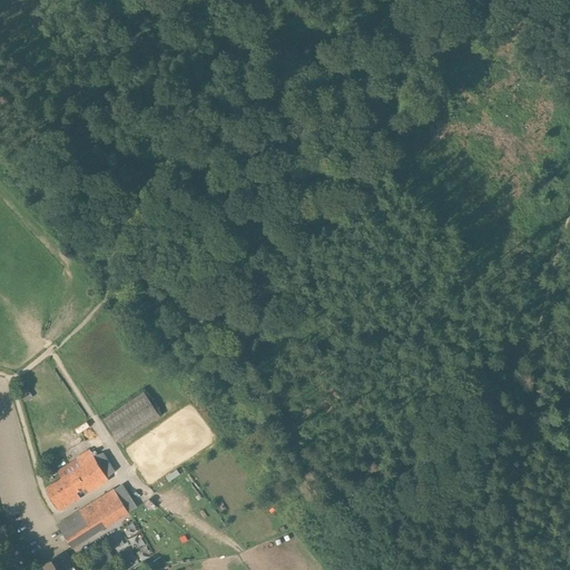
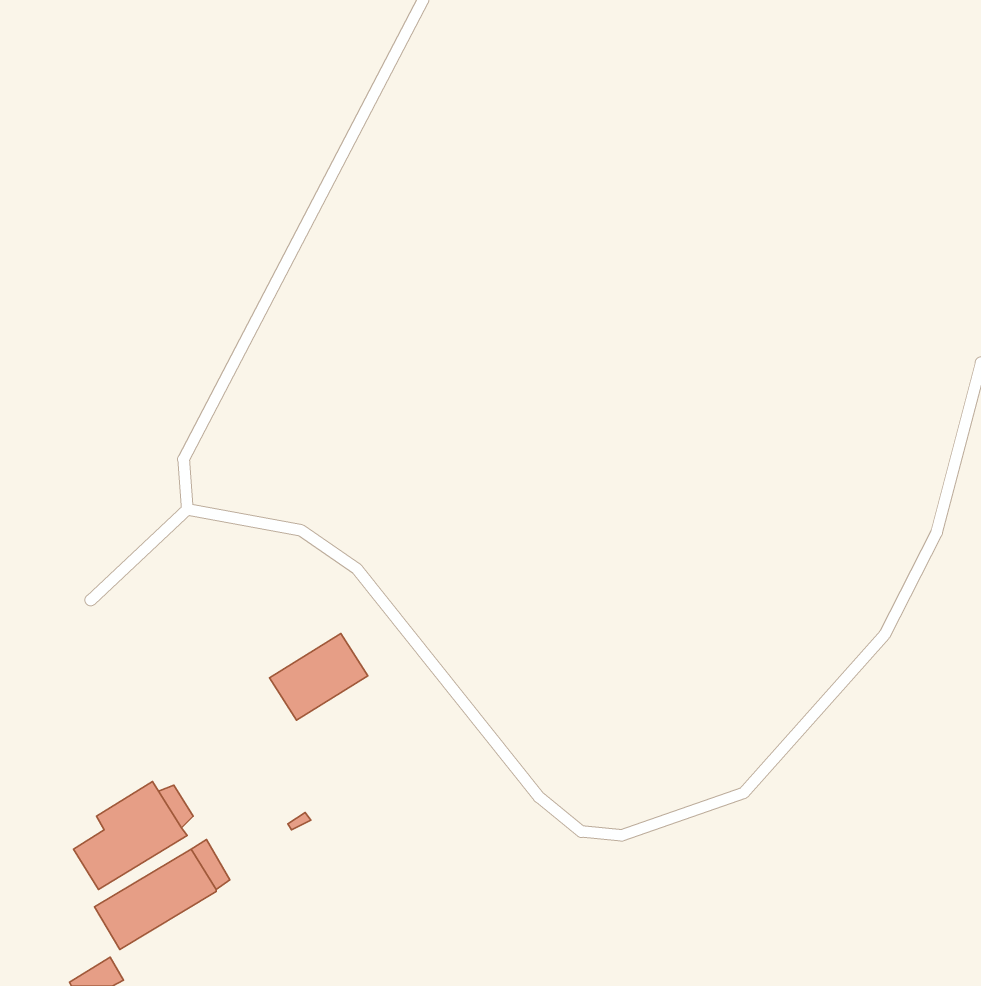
building: [102,393,159,443] -> [269,633,368,720]

